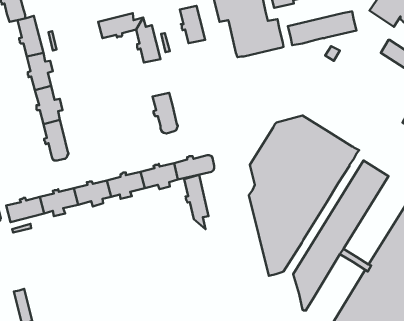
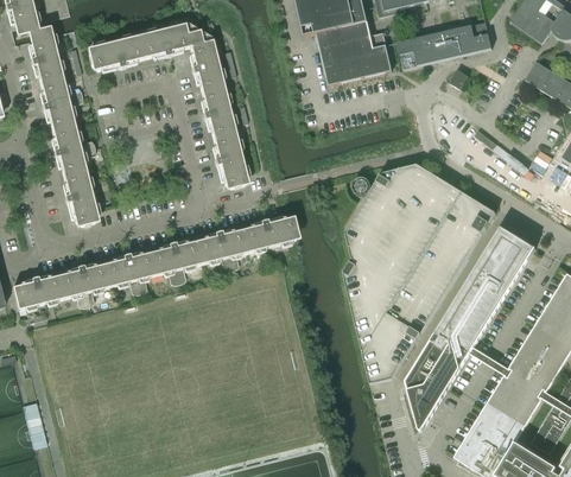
building: [180,6,205,43] -> [201,87,235,138]
building: none -> [88,36,144,69]
building: [184,175,209,229] -> none

